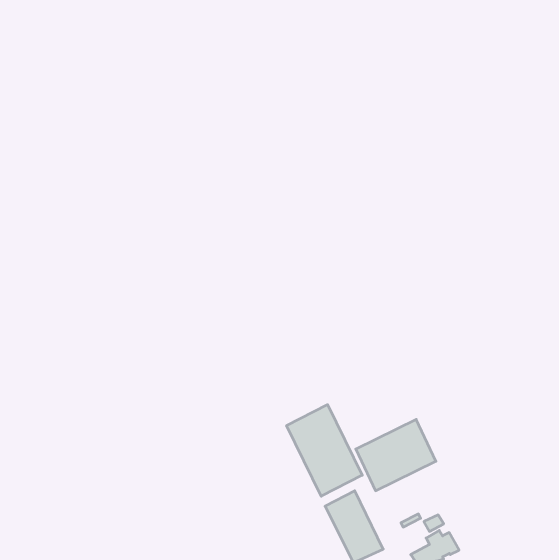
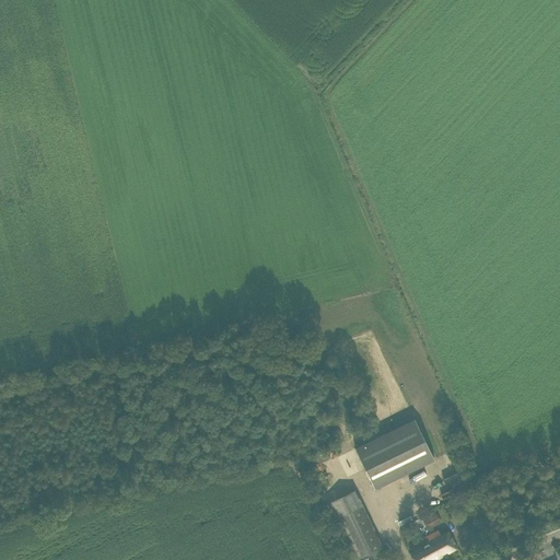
building: [287,405,362,496] -> none

